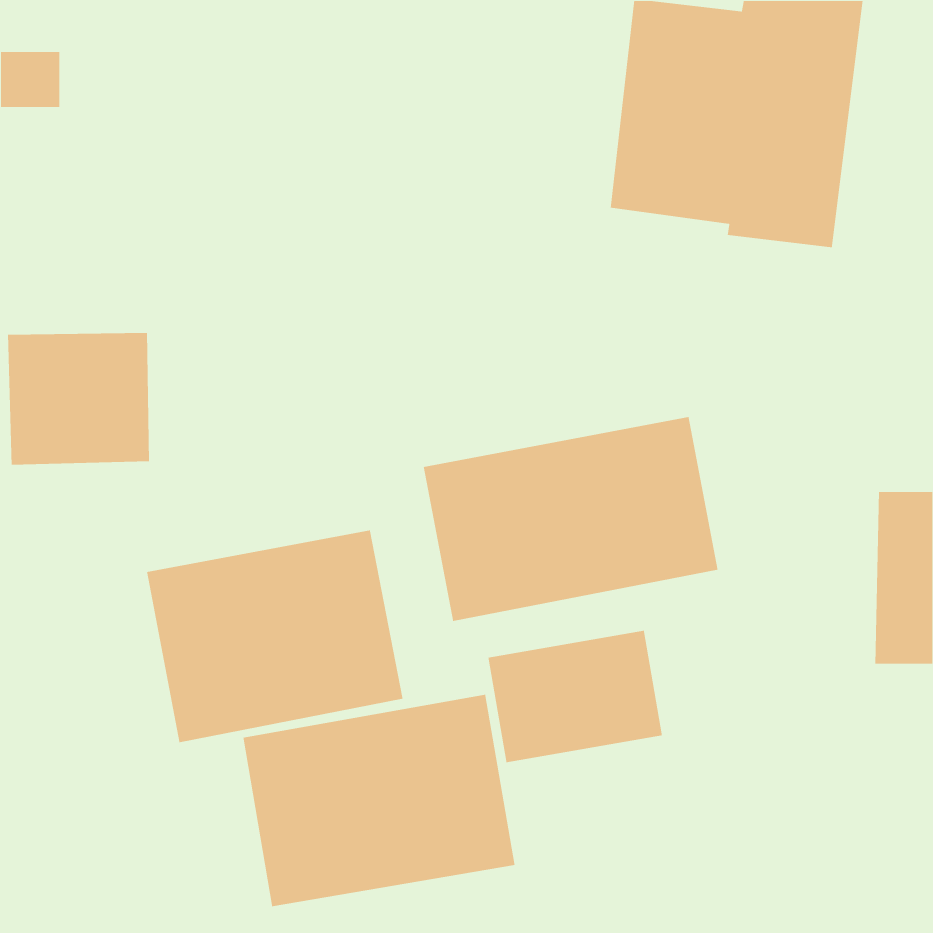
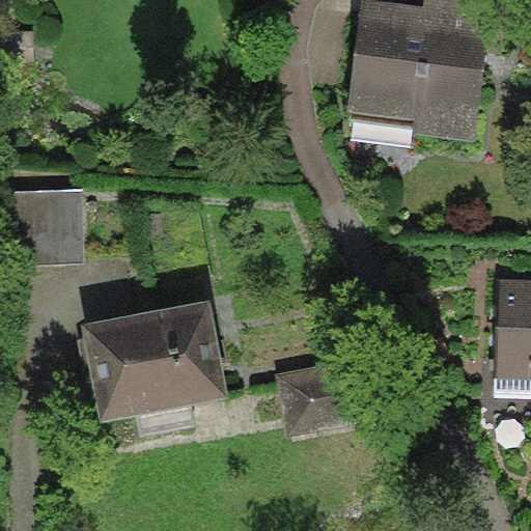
building: [423,416,718,622] -> none
building: [242,694,516,907] -> none

